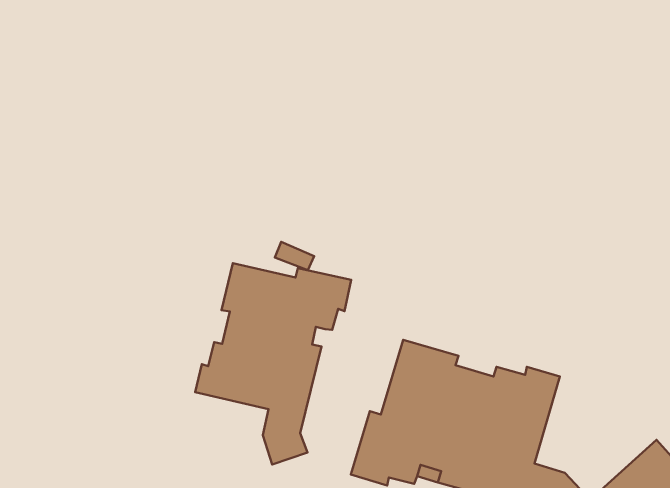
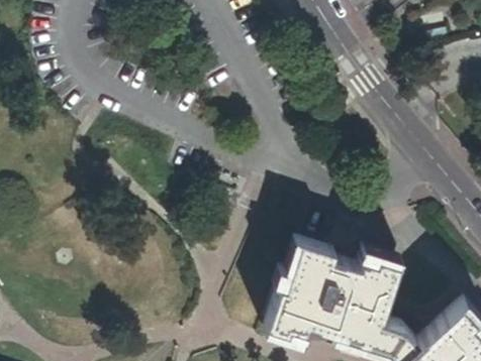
building: [195,263,351,464] -> none

